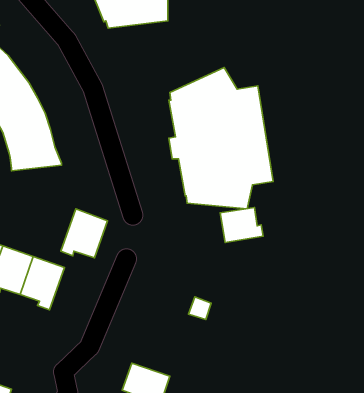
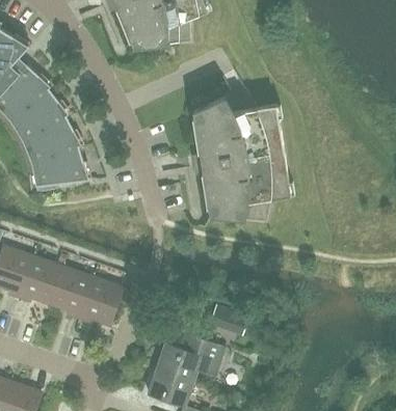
building: [220,208,263,243] -> none
building: [61,209,107,258] -> [77,278,122,325]
building: none -> [156,332,223,382]

